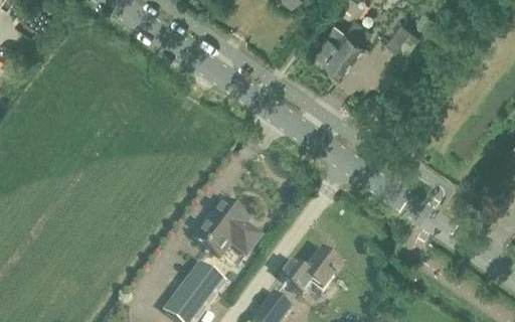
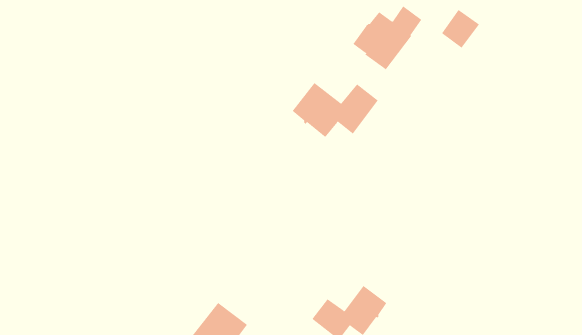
building: none -> [292,82,379,138]
building: [194,199,261,258] -> none

